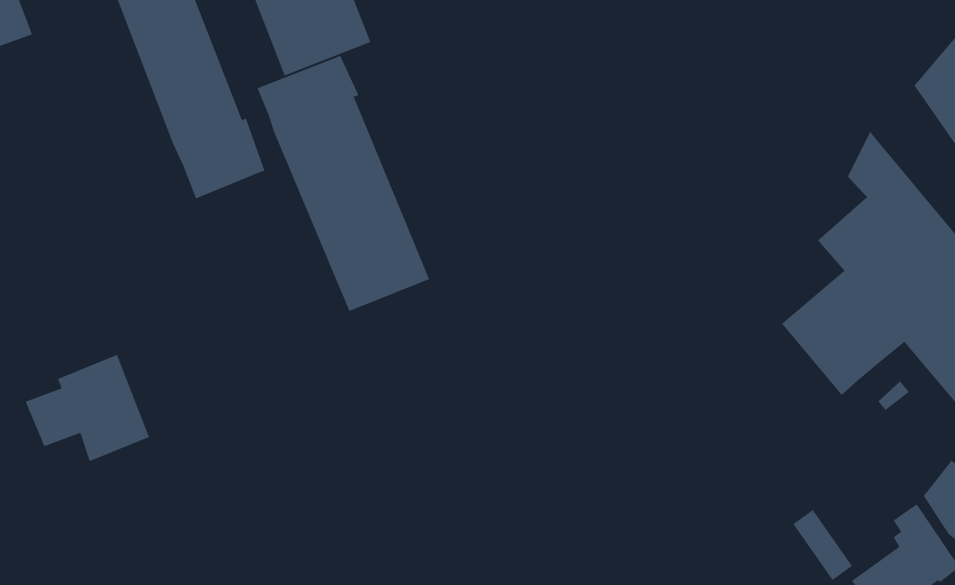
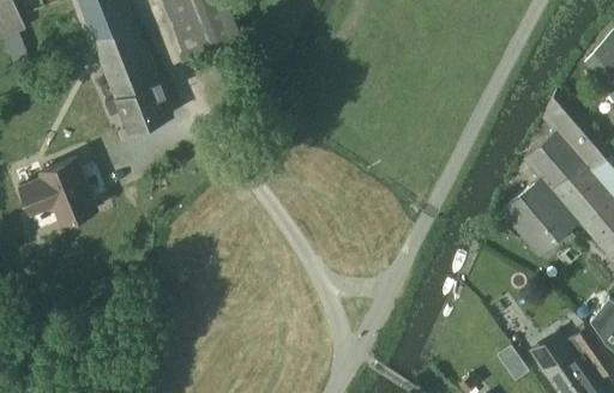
building: [257,55,430,312] -> none
building: [25,354,150,462] -> [20,159,100,228]

